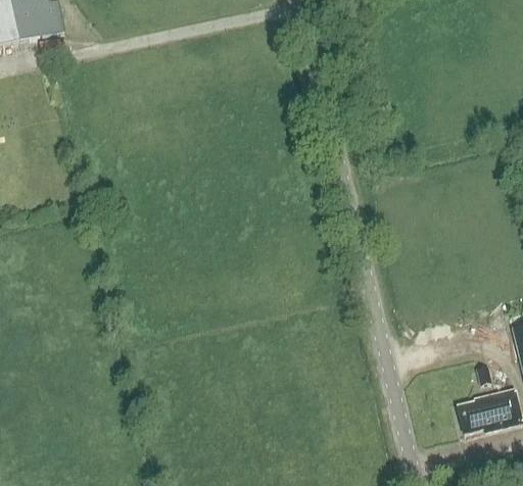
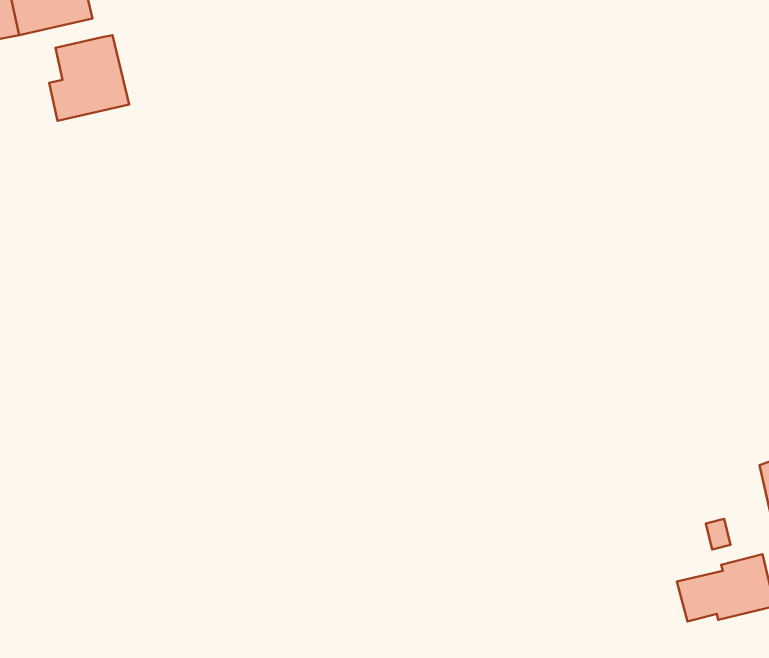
building: none -> [49,35,129,121]

